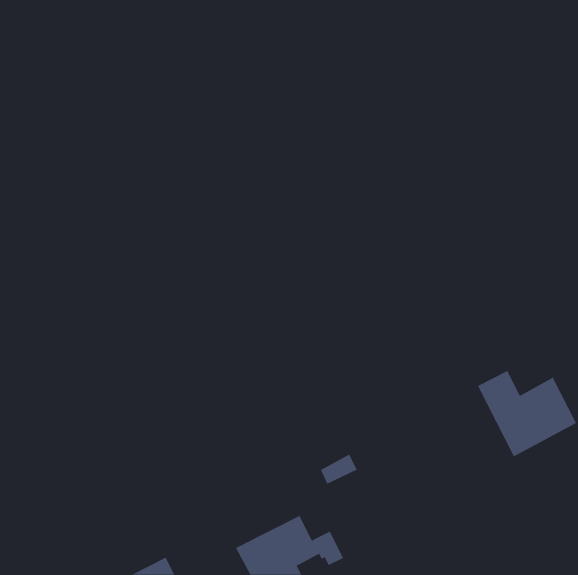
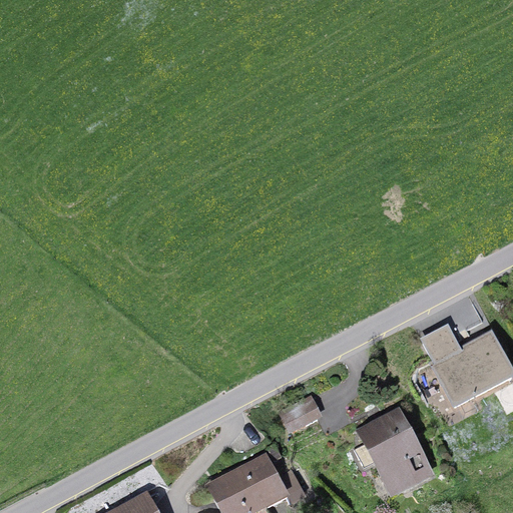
building: none -> [354,413,429,486]

